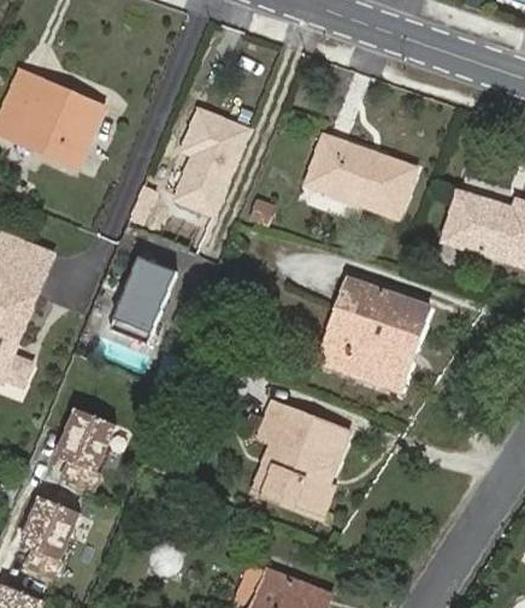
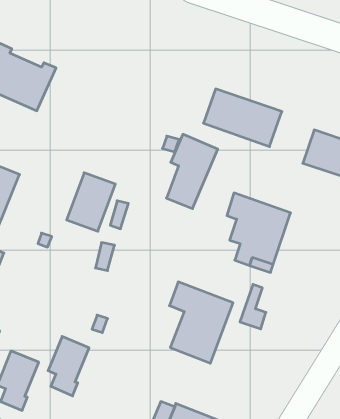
building: [176,110,247,212] -> [166,134,218,209]
building: [320,311,356,372] -> [240,284,266,329]
building: [57,411,113,492] -> [48,336,89,396]

